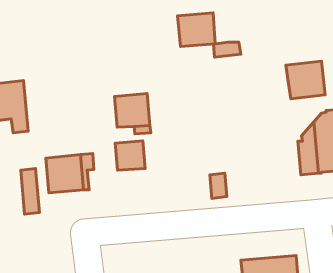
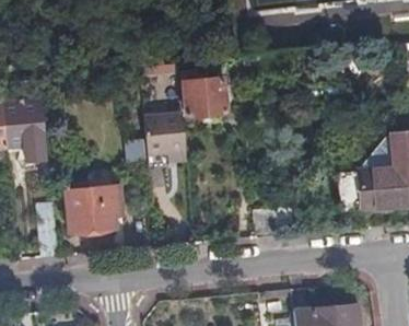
building: [178,13,215,47] -> [185,78,229,117]
building: [286,61,325,99] -> none
building: [115,141,145,170] -> none

